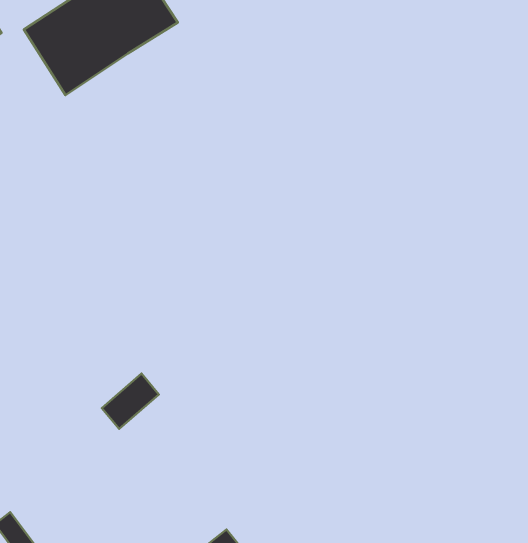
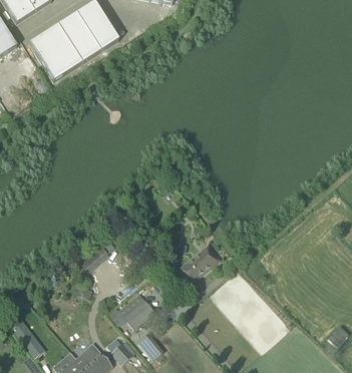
building: none -> [181,243,219,278]
building: none -> [124,297,154,326]

